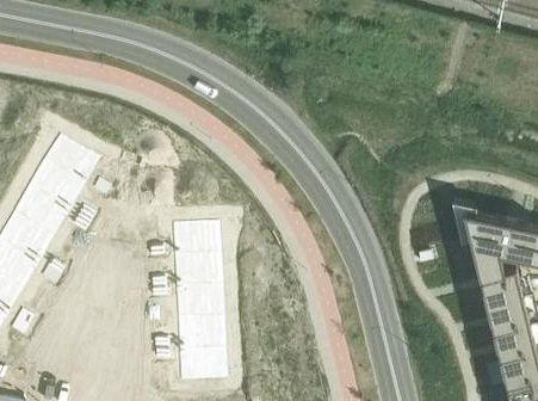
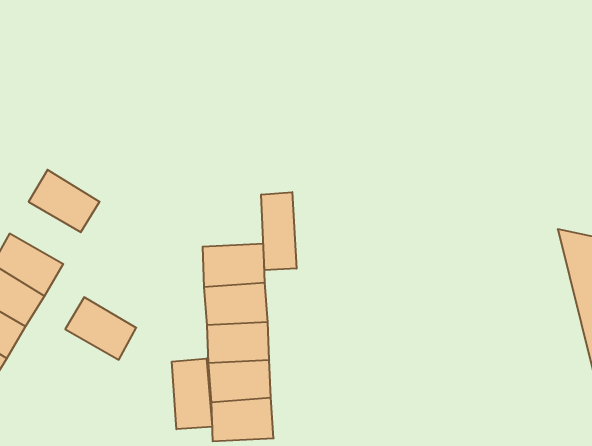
building: [41,134,100,186] -> none
building: none -> [261,192,297,270]
building: [10,186,68,237] -> [65,297,136,360]
building: none -> [172,358,212,429]

